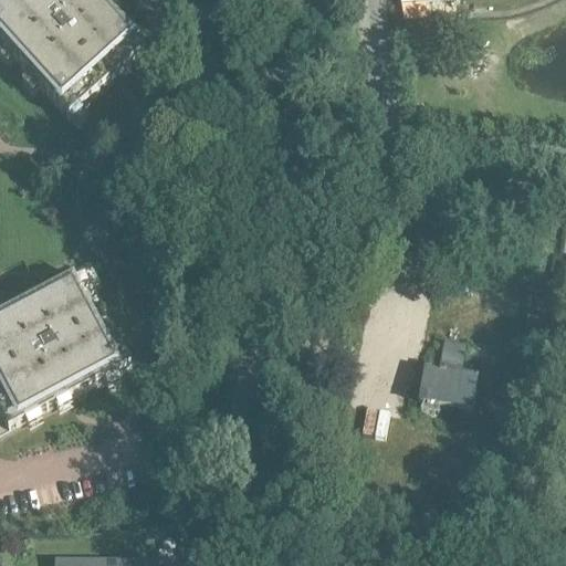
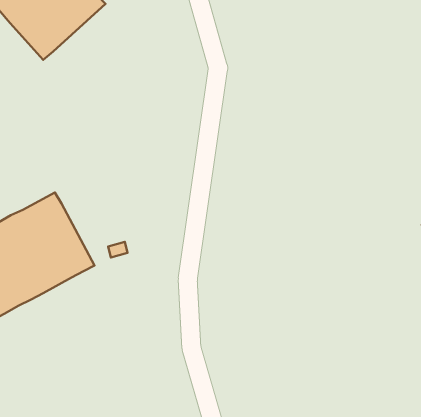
building: [415,329,471,398] -> none

